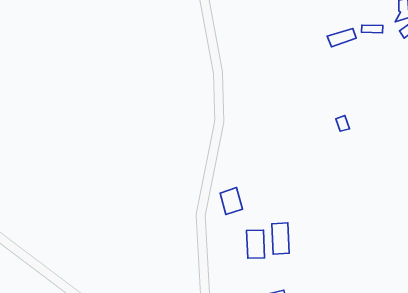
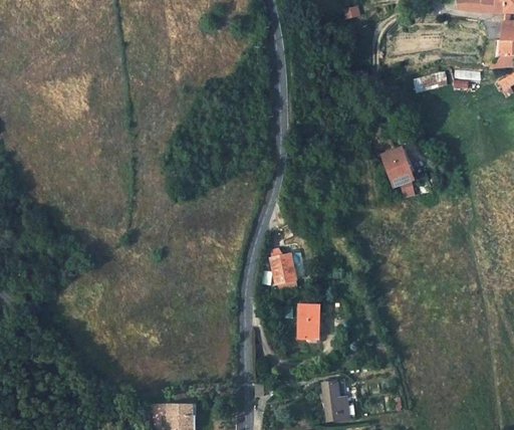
building: none -> [391,148,412,199]
building: [272,223,289,254] -> none

